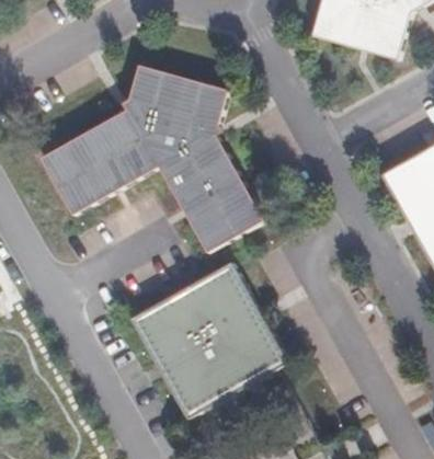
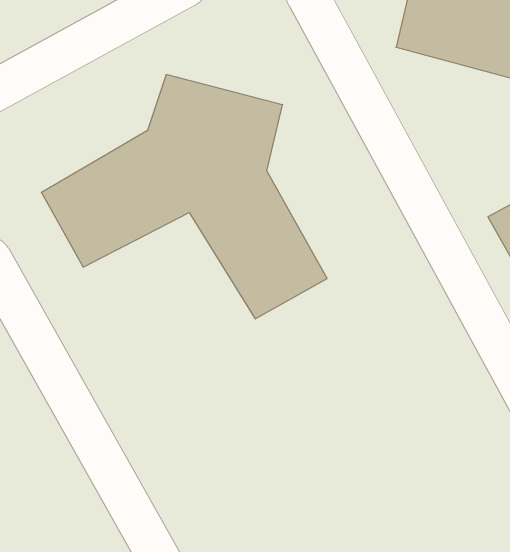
building: [129,262,285,418] -> none

